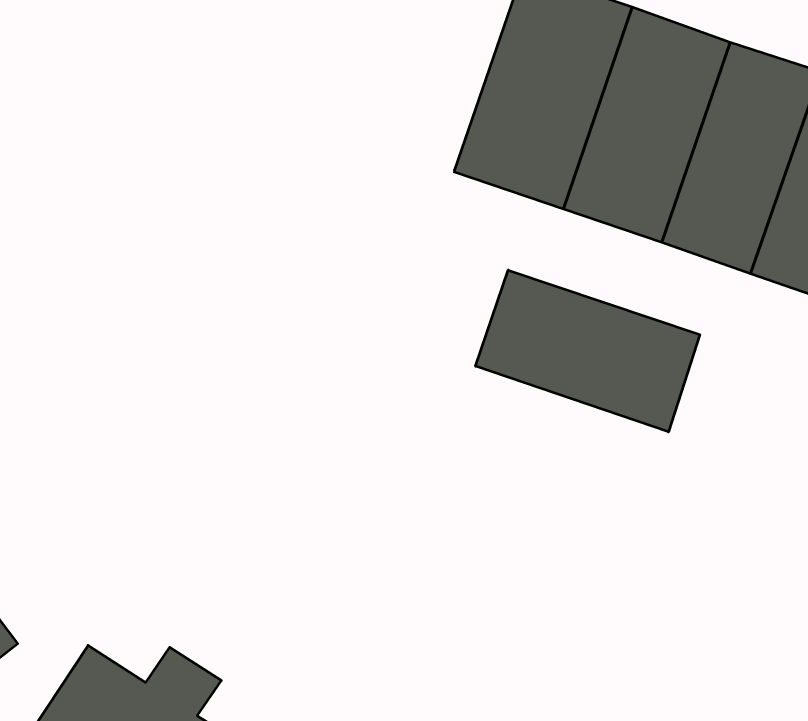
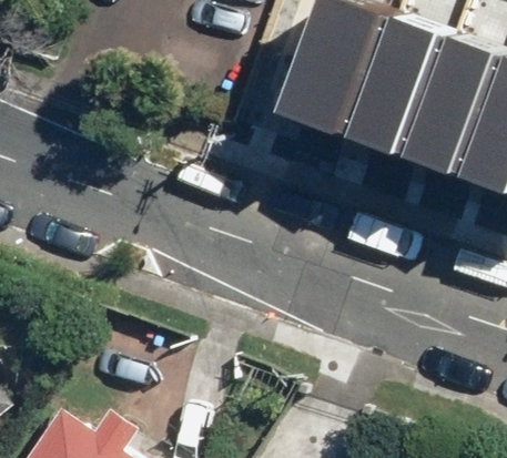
building: [476,270,700,432] -> none

